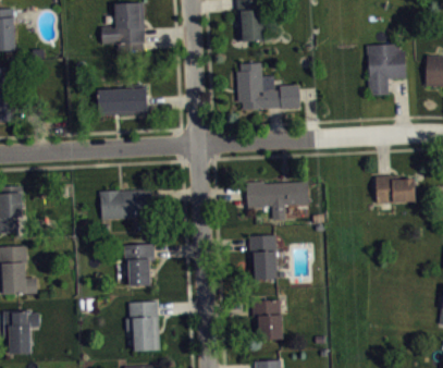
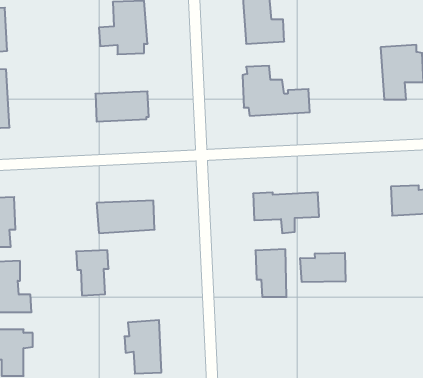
building: none -> [300,253,345,282]
building: [124,244,155,286] -> [76,250,109,295]
building: [253,300,283,341] -> none

